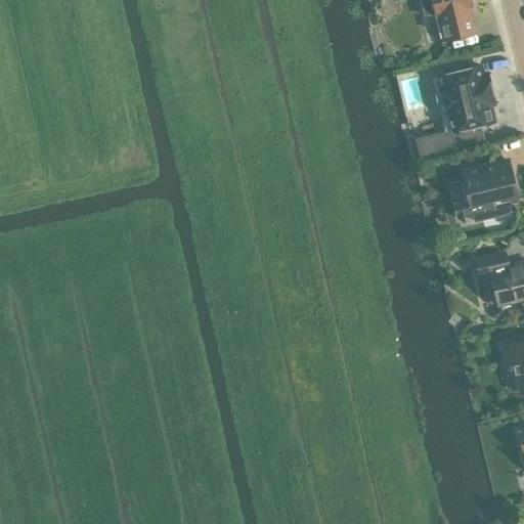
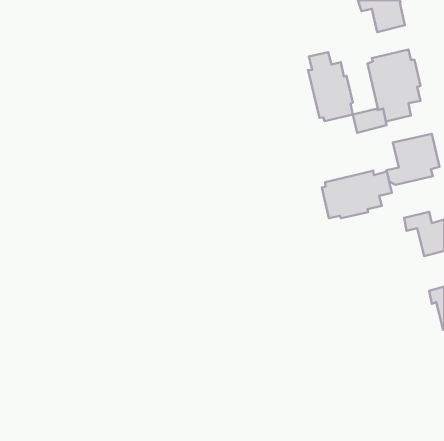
building: none -> [308,52,353,121]
building: none -> [322,170,392,218]

